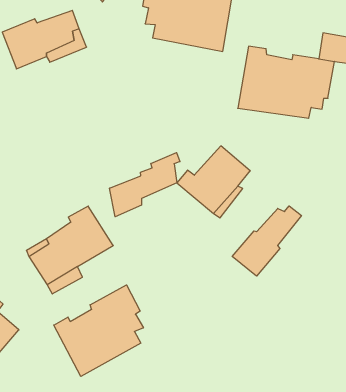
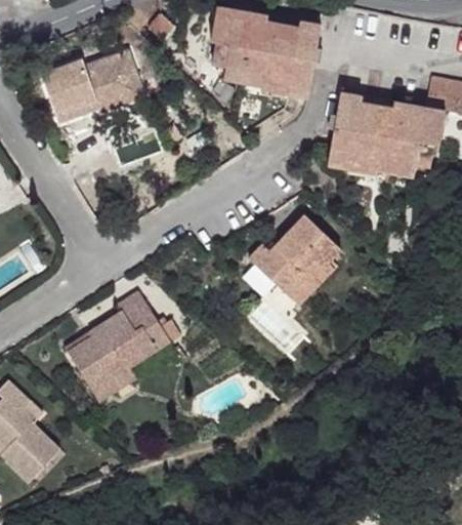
building: [110,153,180,217] -> none
building: [232,206,301,276] -> none
building: [54,285,143,376] -> none

